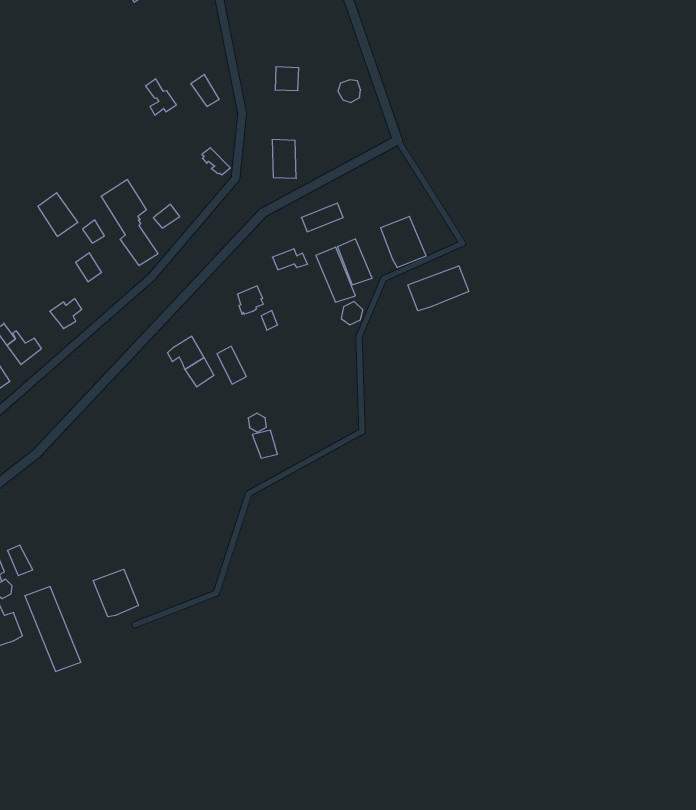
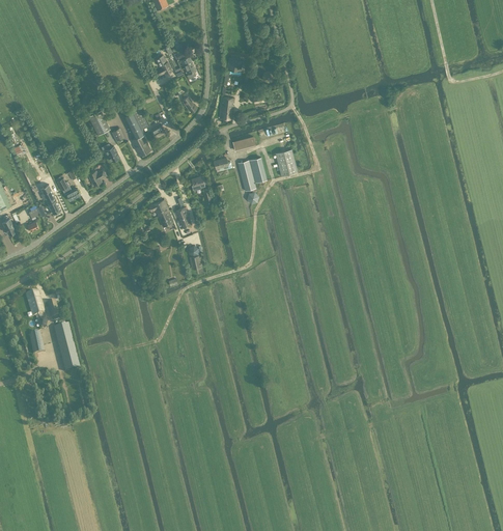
building: [408,266,469,311] -> none
building: [93,569,138,617] -> none

